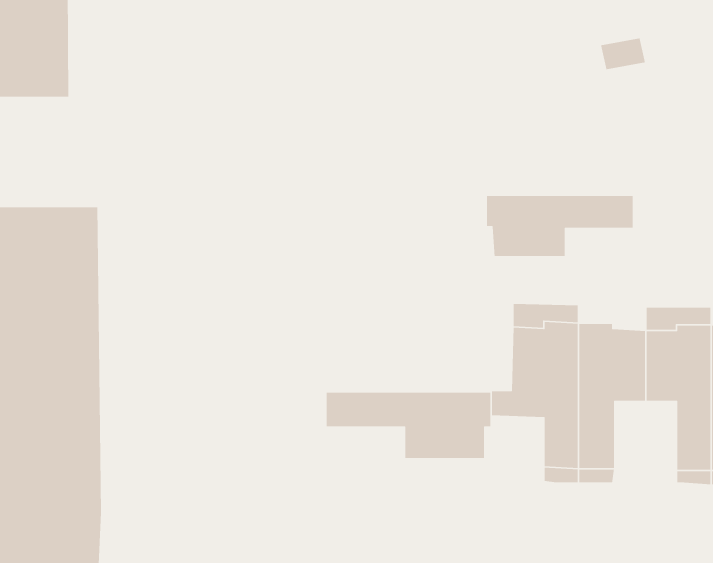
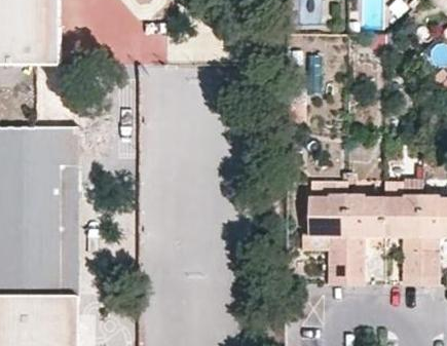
building: [486,195,634,257] -> none
building: [326,392,491,459] -> none

